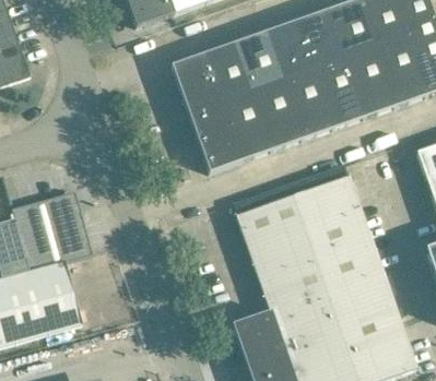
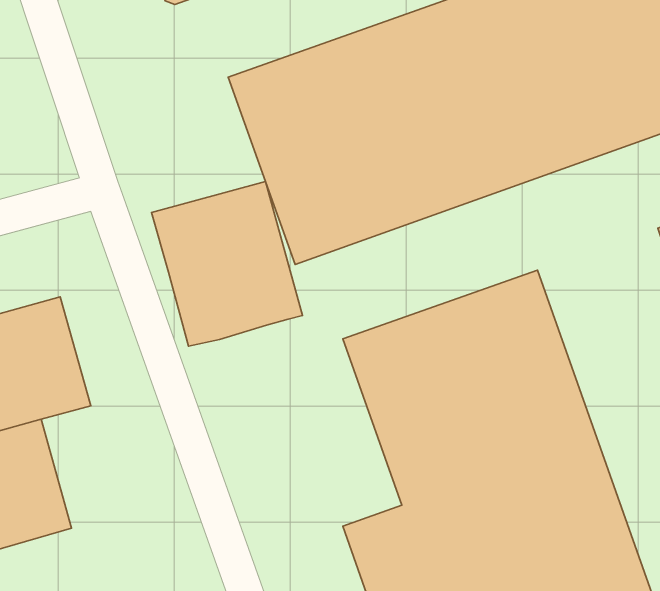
building: none -> [152,182,302,346]

